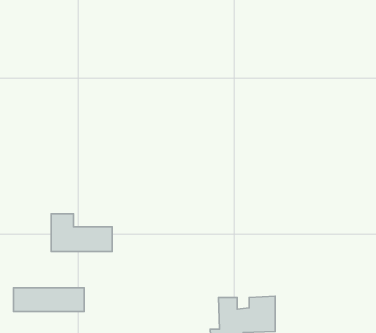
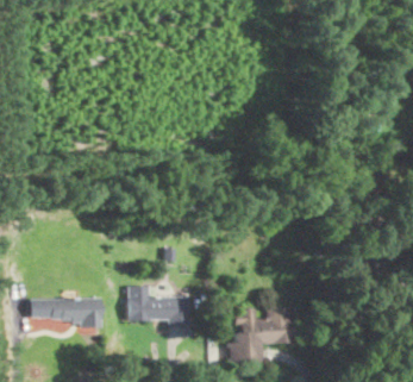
building: [51,214,112,252] -> [129,287,190,325]

